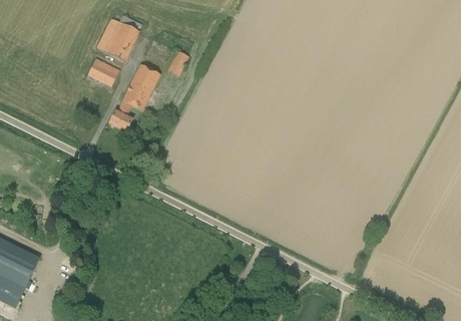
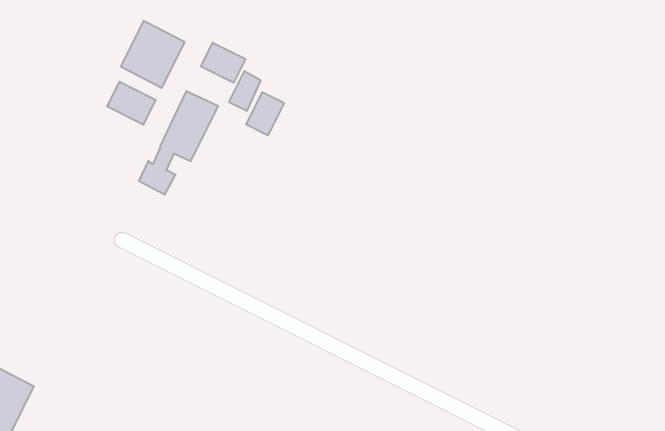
building: none -> [201,43,245,83]
building: none -> [246,92,284,135]

